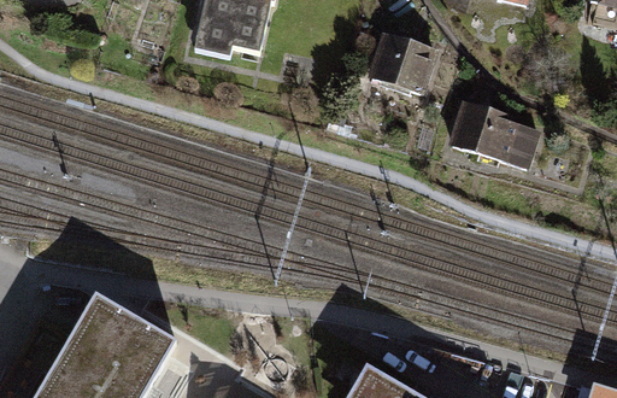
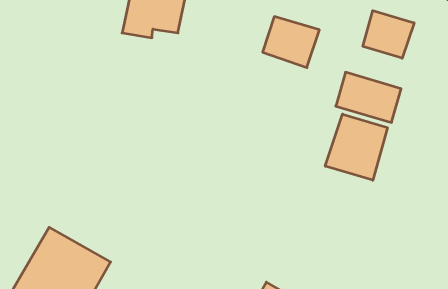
building: none -> [363,11,414,58]
building: none -> [325,114,387,180]

